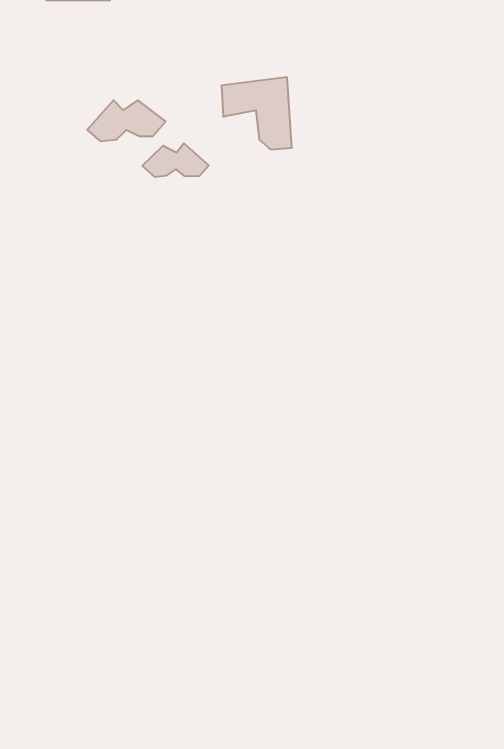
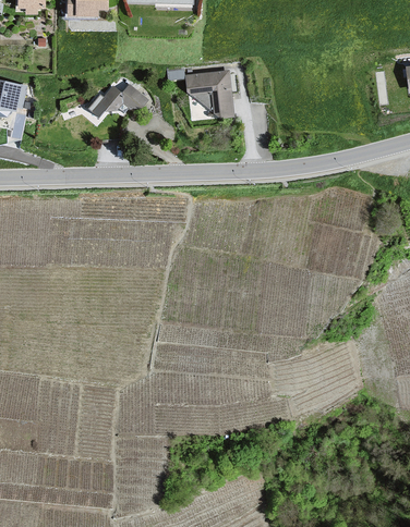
building: [142,143,209,177] -> none

